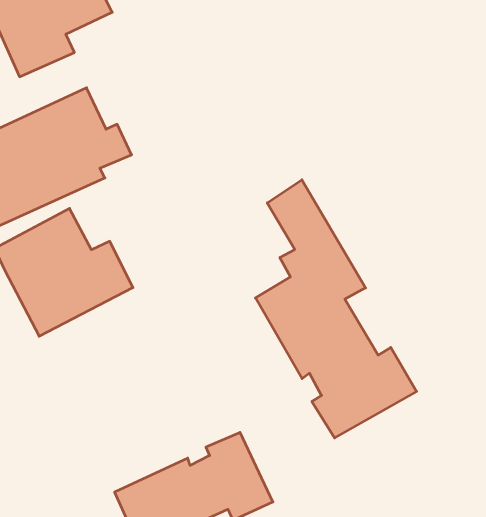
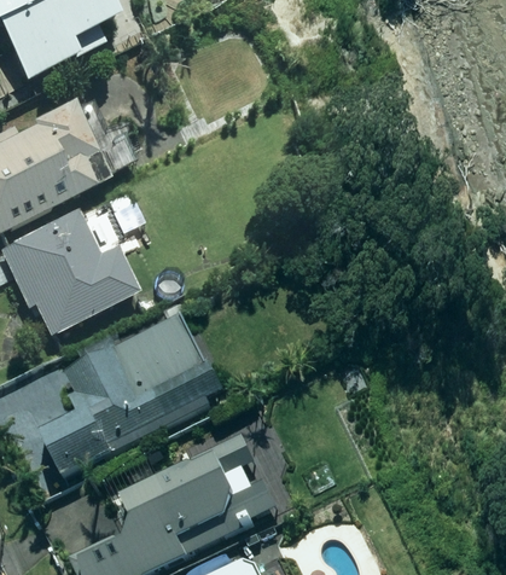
building: [255,180,417,438] -> none
building: none -> [37,308,225,480]

